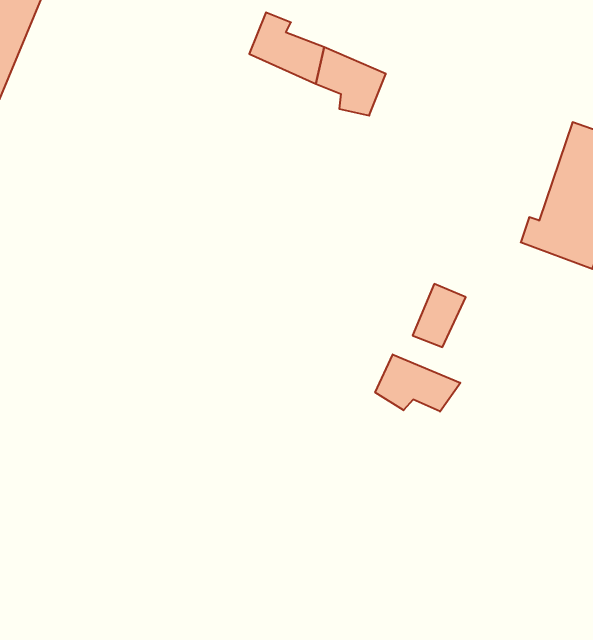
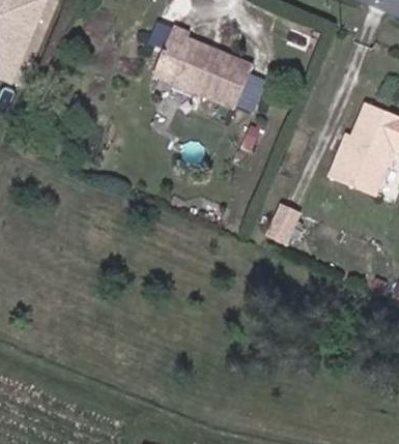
building: none -> [155,58,239,112]
building: [375,354,460,412] -> none

